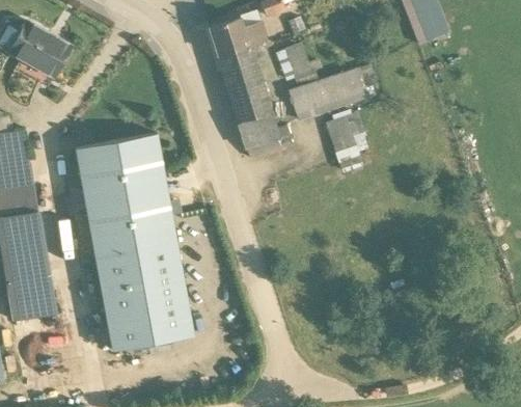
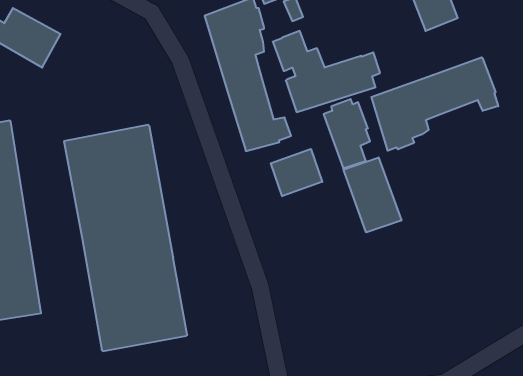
building: none -> [371,57,498,151]
building: none -> [271,149,322,196]
building: none -> [344,157,401,232]

